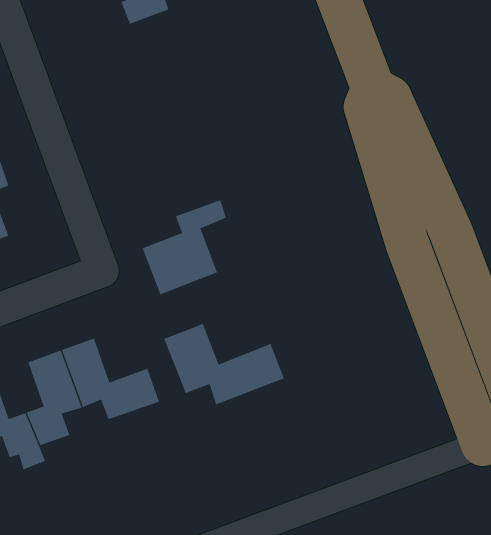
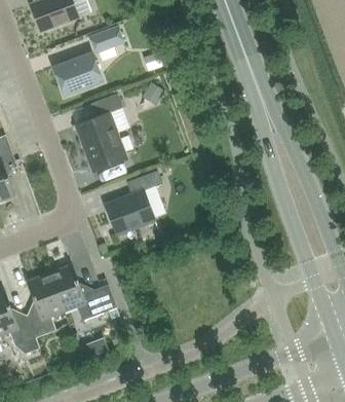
building: none -> [53,52,103,96]
building: none -> [75,94,126,171]
building: [163,323,285,405] -> none

